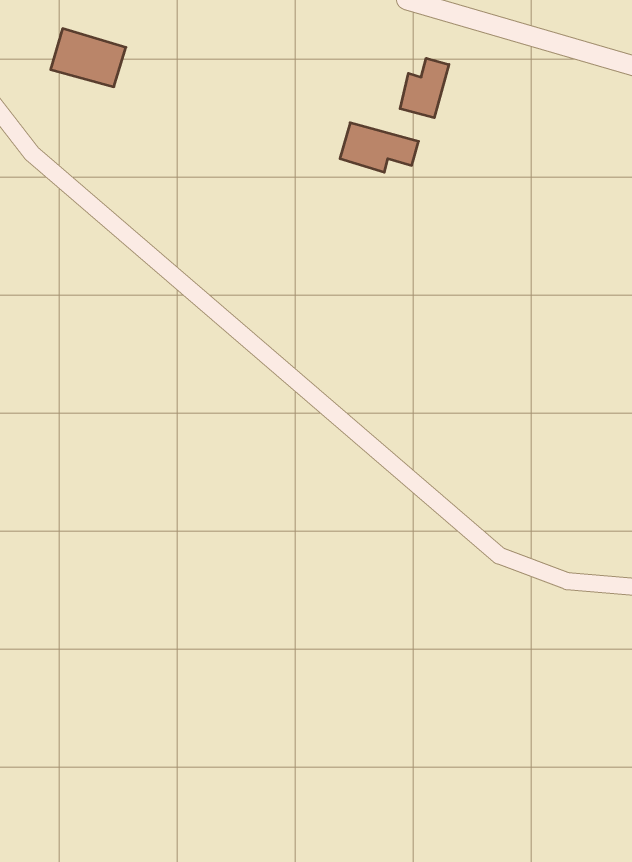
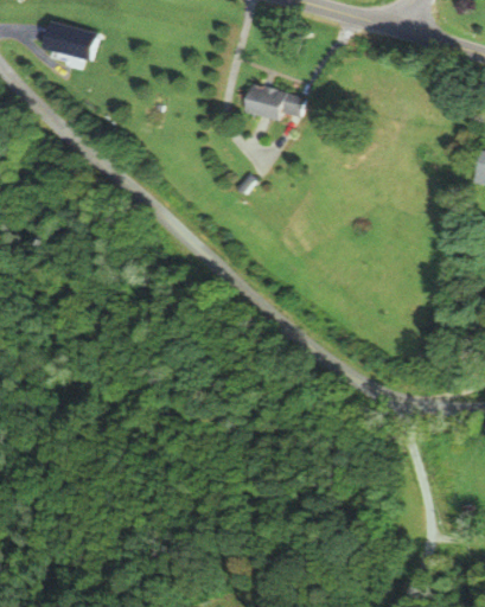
building: [400,58,449,118] -> none

